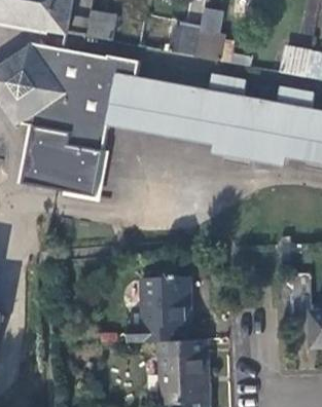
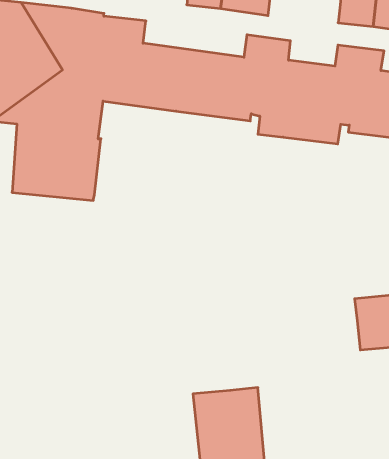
building: [127,276,190,343] -> none

